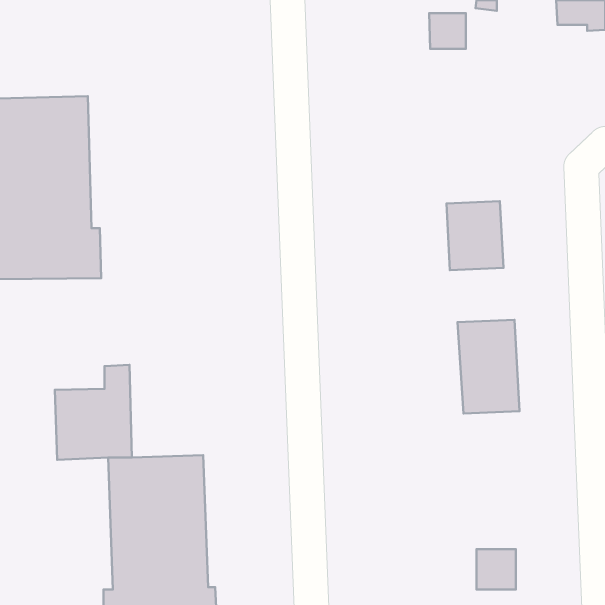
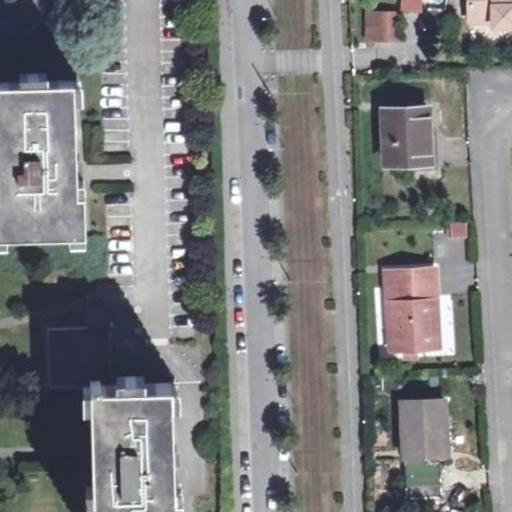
building: [446,201,503,270] -> [382,108,430,166]
building: none -> [402,402,446,459]

